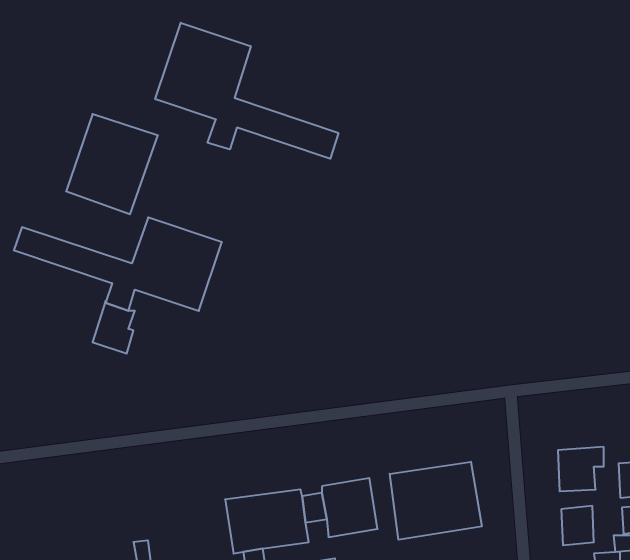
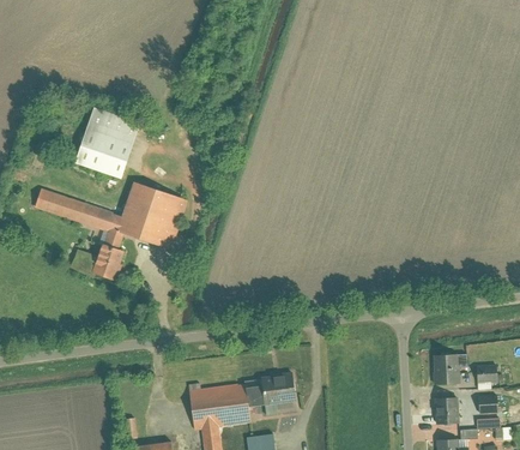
building: [155,23,338,159] -> none
building: [390,462,482,540] -> none

